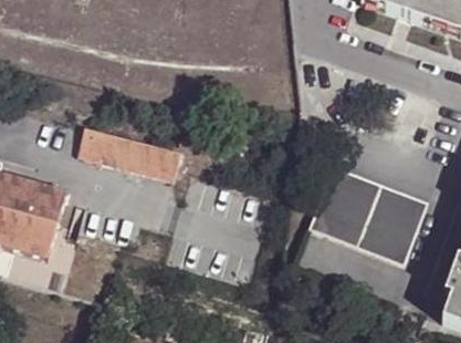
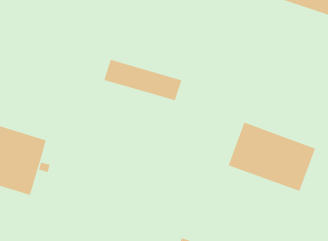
building: [80,127,184,183] -> [104,59,182,101]

